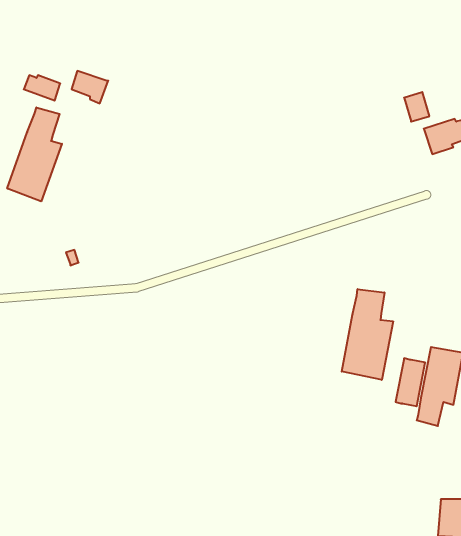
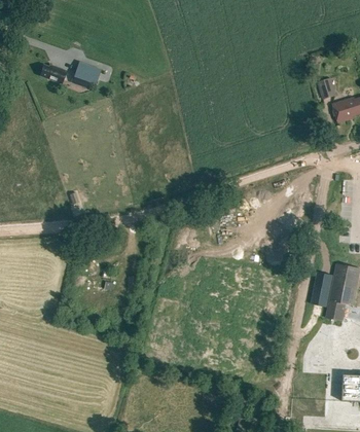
building: [7,107,62,201] -> none
building: [342,289,393,380] -> none

